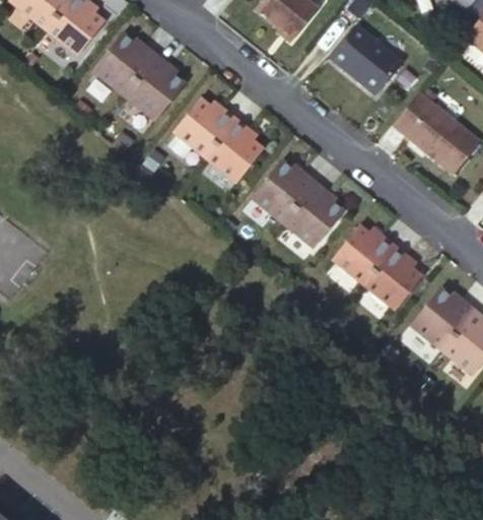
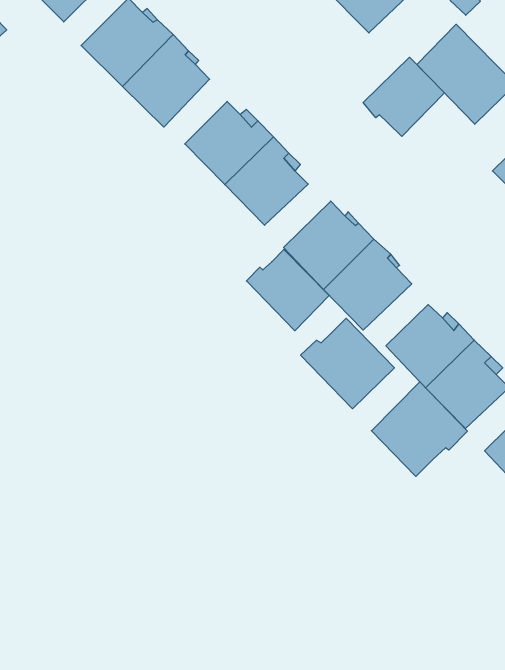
building: none -> [363,57,445,136]
building: none -> [246,249,329,331]
building: none -> [301,318,394,409]
building: none -> [371,382,467,476]

